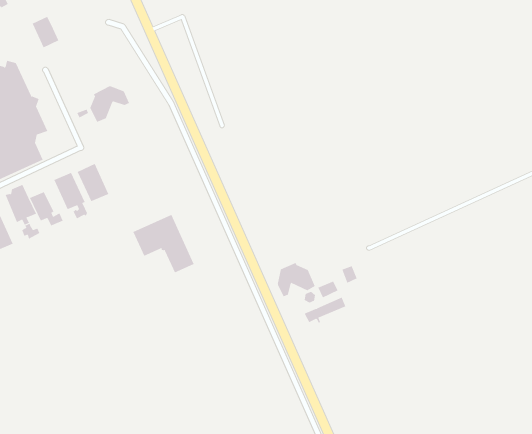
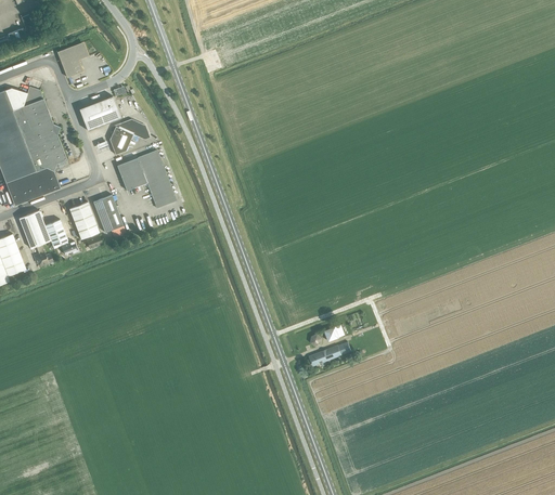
building: none -> [78,96,119,130]
building: [132,214,195,273] -> [116,149,176,208]
building: [277,262,316,297] -> none

